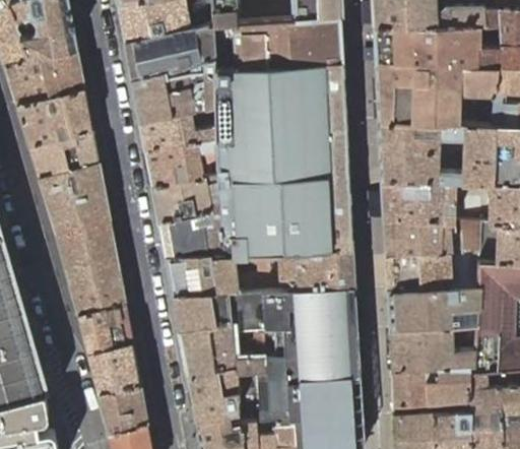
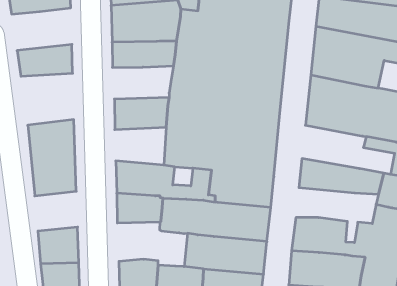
building: [16,88,92,148] -> none
building: [144,137,216,187] -> none
building: [39,165,109,234] -> none
building: [381,182,454,222] -> none
building: [158,210,222,259] -> none
building: [385,252,453,292] -> none
building: [77,302,133,356] -> none
building: [179,322,265,376] -> none

